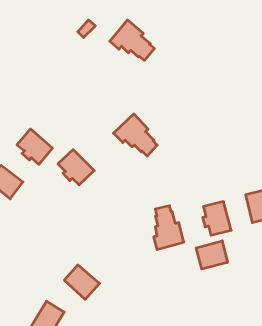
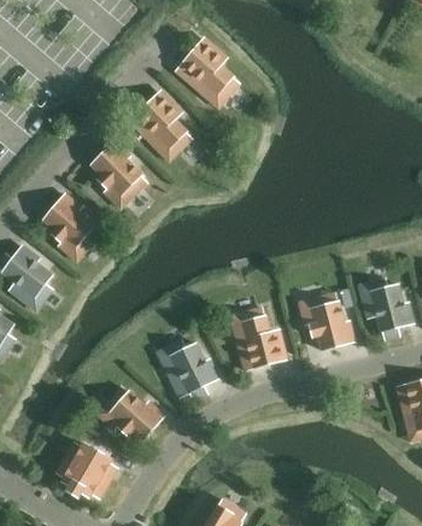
building: [113,114,157,156] -> [128,94,191,154]
building: [58,150,94,185] -> [89,145,141,195]
building: none -> [169,344,213,397]
building: [196,241,227,269] -> none

